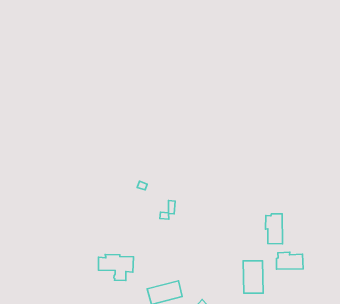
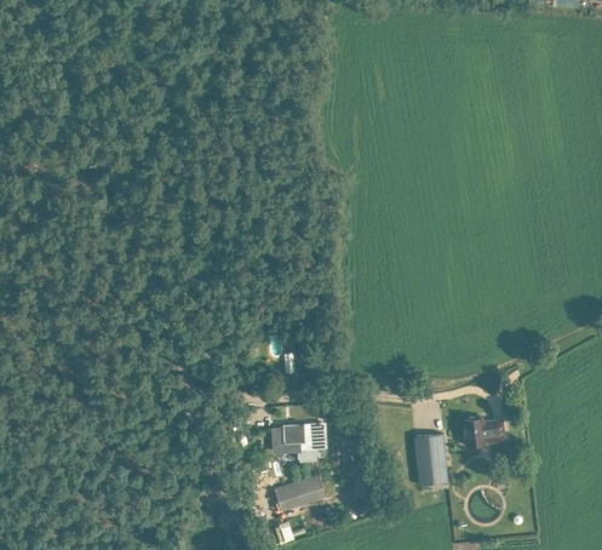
building: [266,214,282,244] -> none
building: [98,254,133,280] -> [273,423,326,462]

